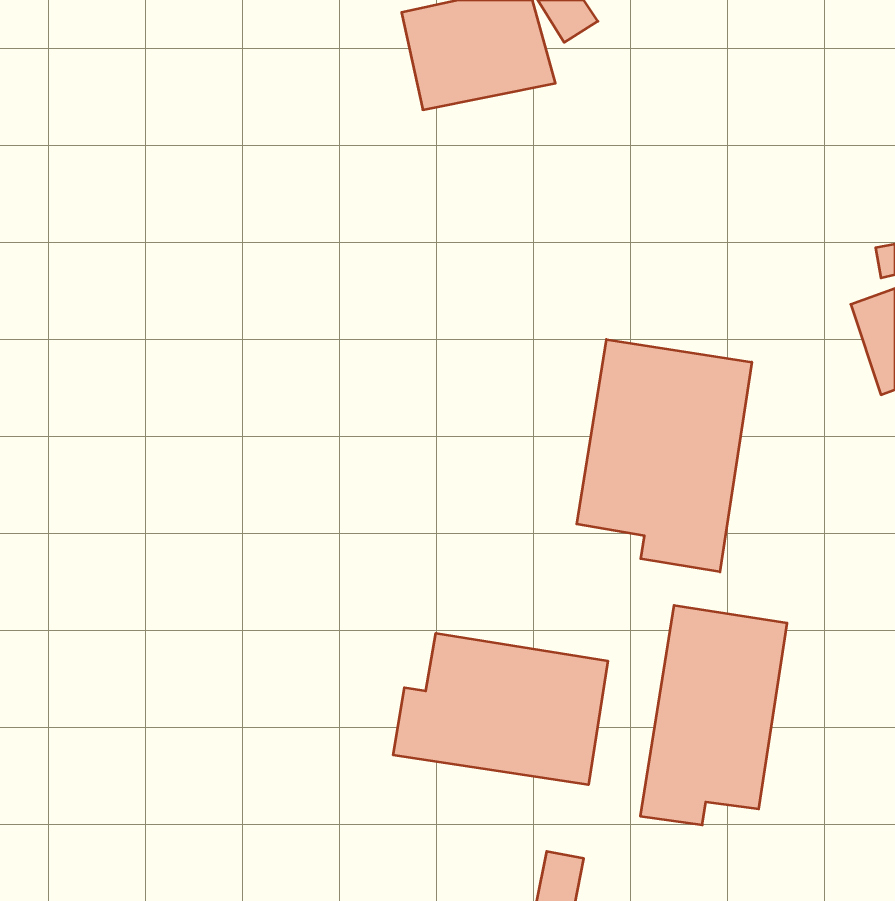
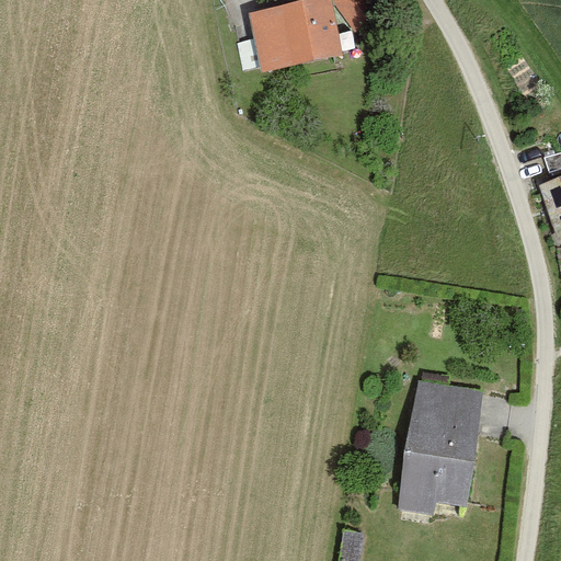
building: [577,339,752,572] -> none
building: [393,633,608,785] -> none

